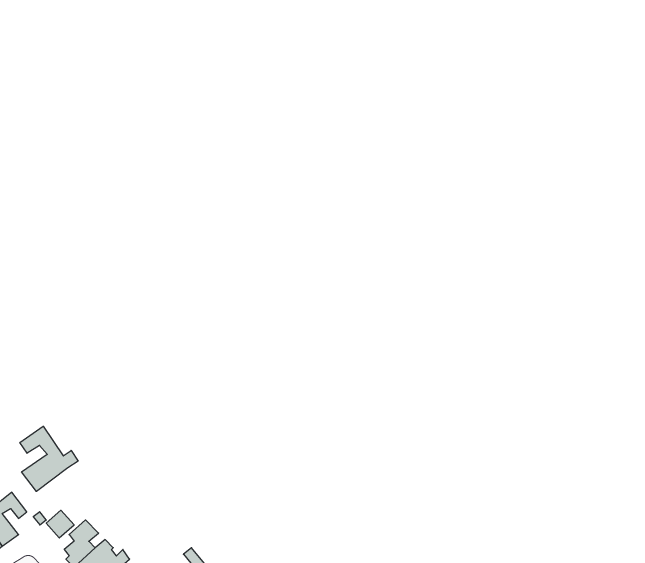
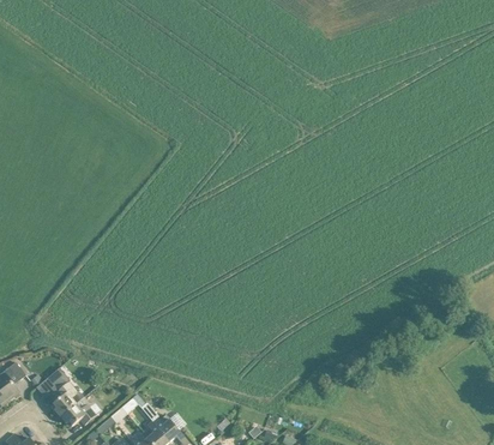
building: [20,426,78,491] -> none

